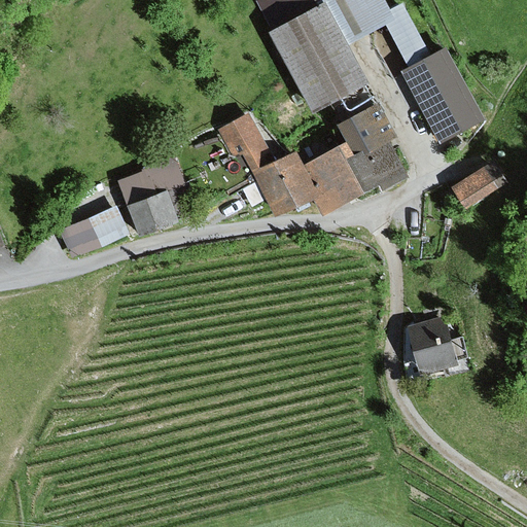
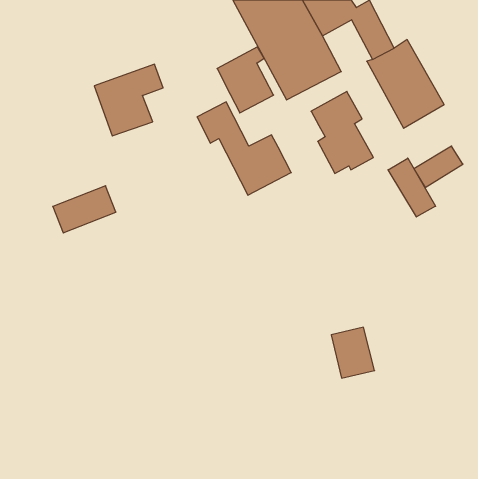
building: [304,140,365,212] -> [217,47,274,113]
building: [114,159,189,237] -> [94,64,163,136]
building: none -> [388,158,436,217]
building: [409,318,456,374] -> [331,327,375,378]

